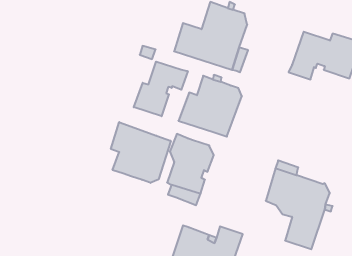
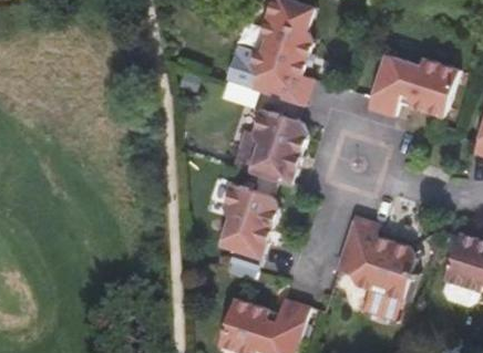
building: [134,62,188,116] -> none
building: [111,122,171,183] -> none

